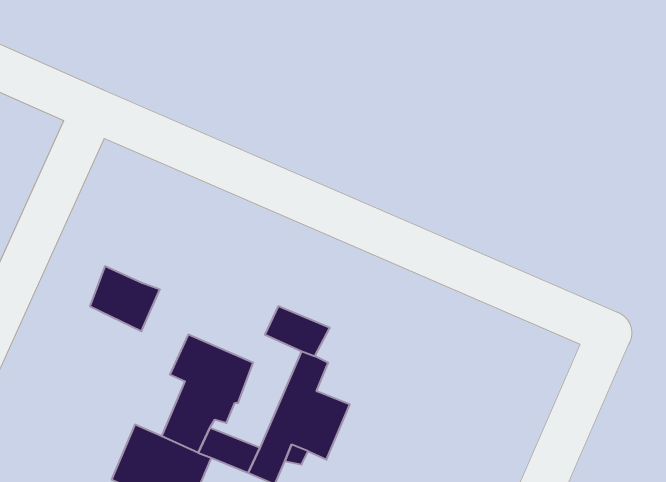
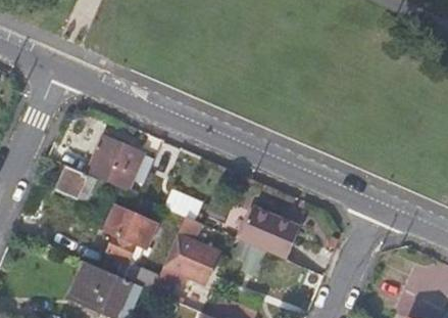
building: none -> [88,137,142,191]
building: none -> [240,207,301,261]

